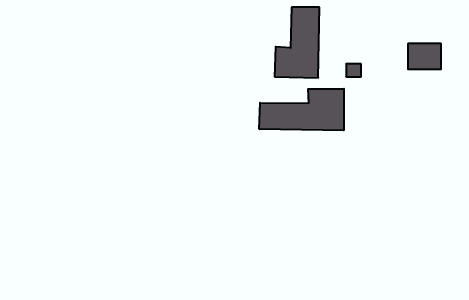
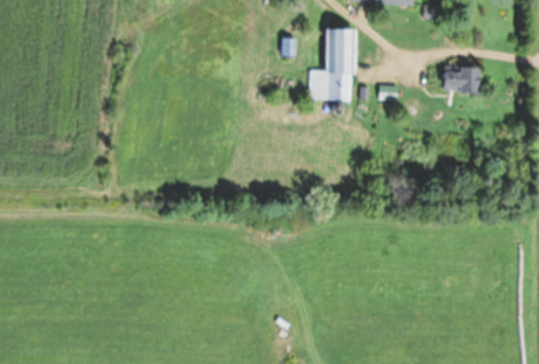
building: [259,89,344,130] -> none

